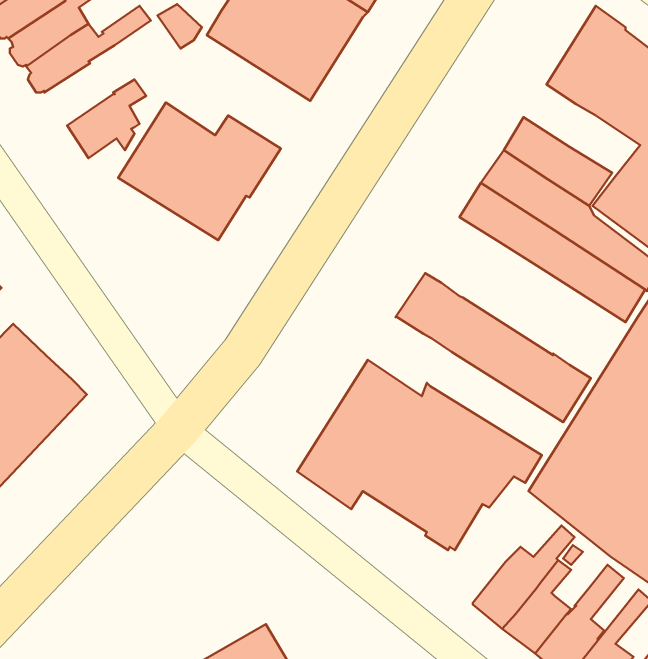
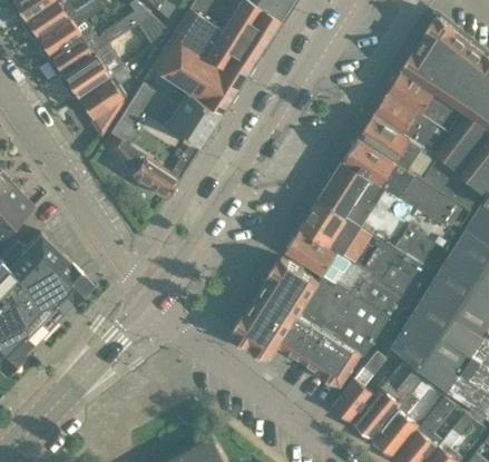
building: none -> [150,38,241,115]
building: none -> [60,45,124,99]
building: none -> [385,71,464,134]
building: none -> [105,135,179,199]
building: none -> [317,161,456,271]
building: none -> [284,229,412,323]
building: none -> [330,353,384,423]

